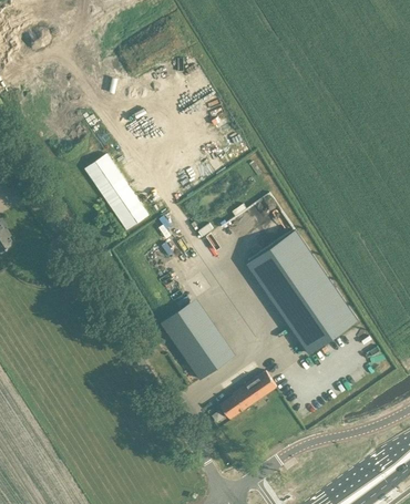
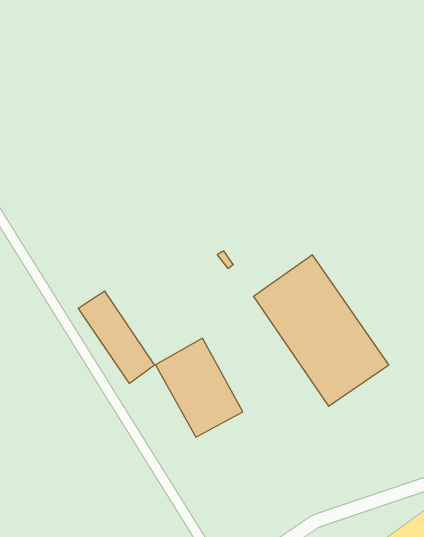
building: [84,154,147,230] -> [78,291,155,383]
building: [219,371,276,419] -> none

